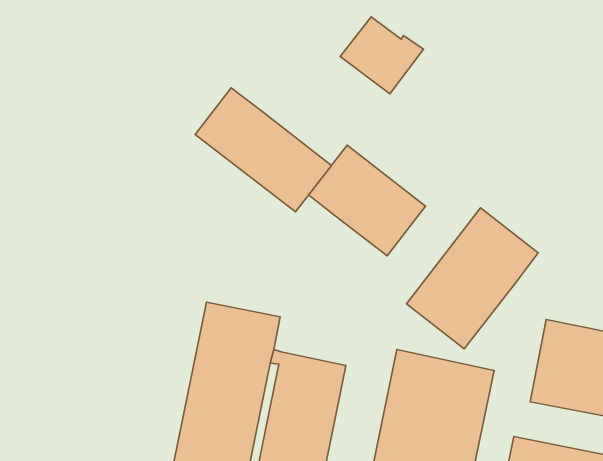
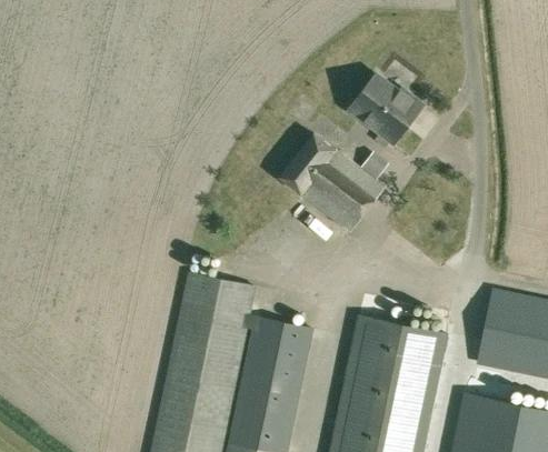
building: [340,17,423,94] -> [349,76,424,144]
building: [195,88,331,212] -> none
building: [406,208,538,349] -> none

